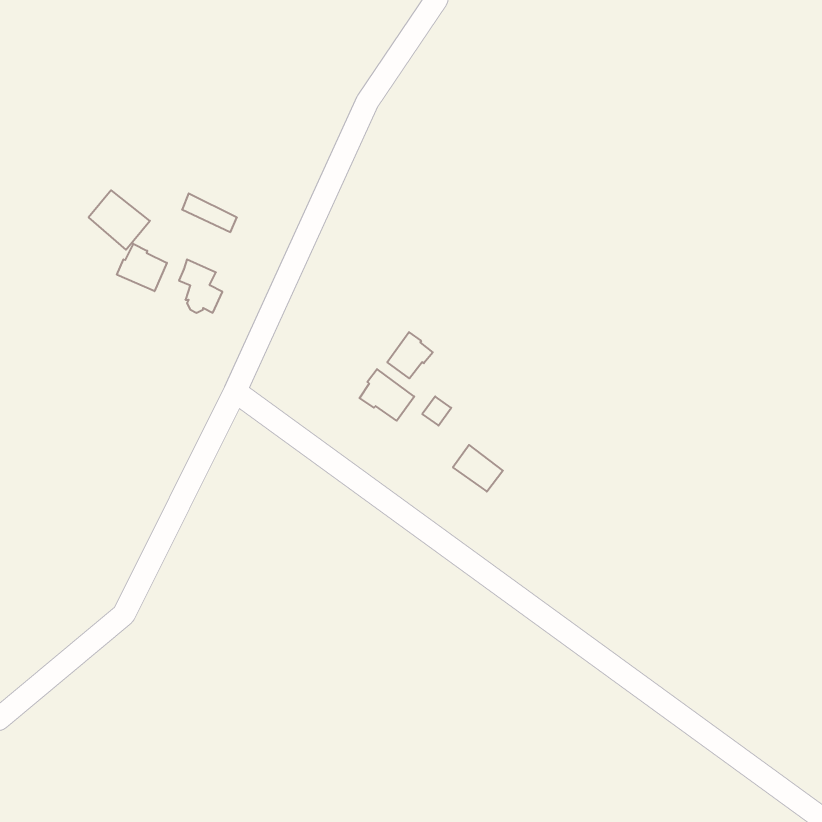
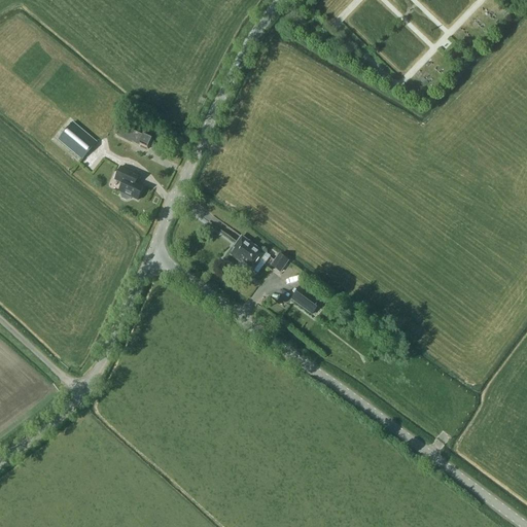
building: [117,244,167,291] -> none
building: [387,332,433,378] -> none

